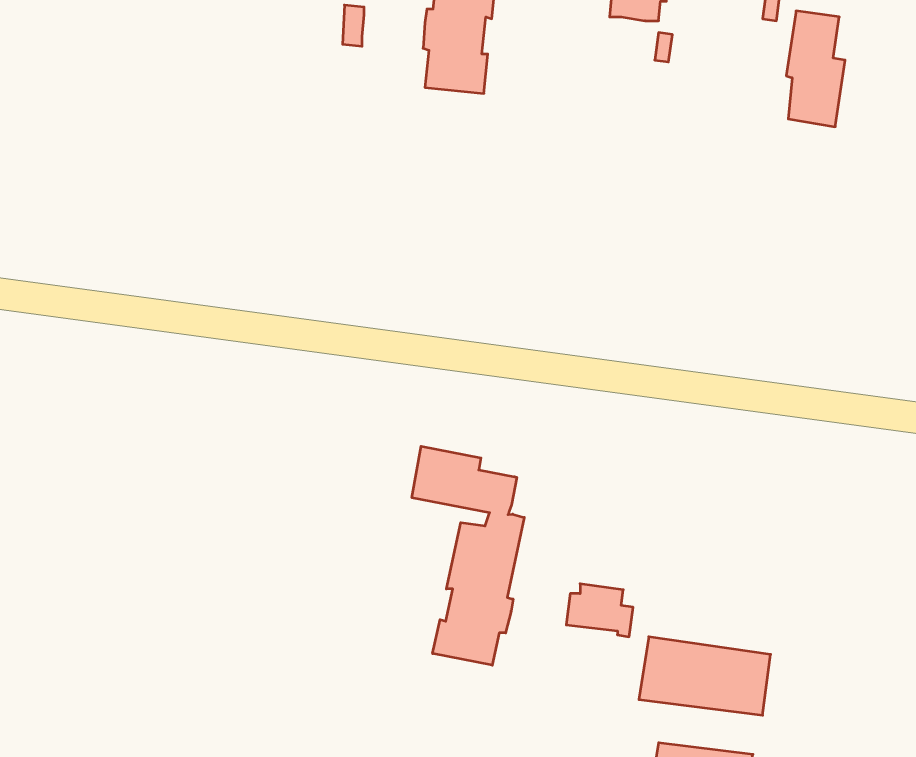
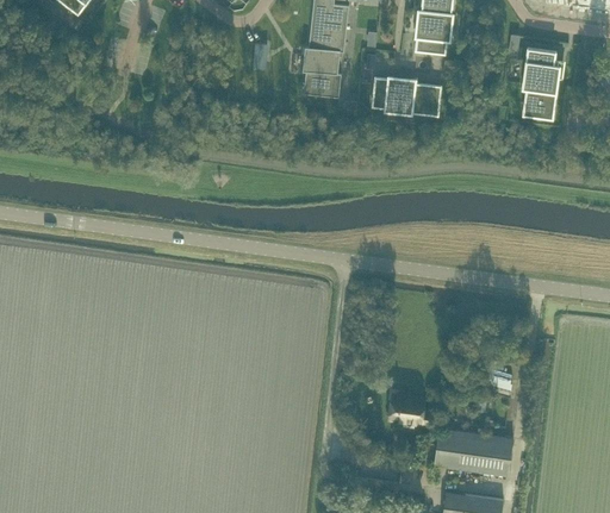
building: none -> [372,77,440,115]
building: [412,446,524,665] -> none

